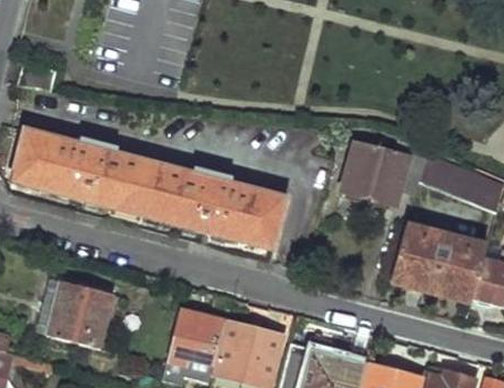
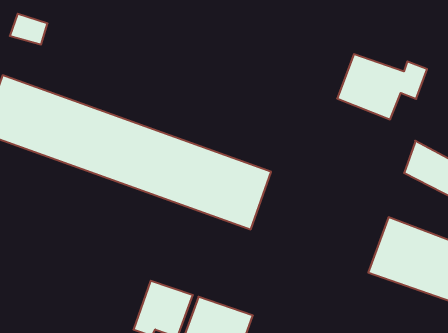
building: [339,144,423,204] -> [337,54,427,119]
building: [44,279,112,347] -> none

